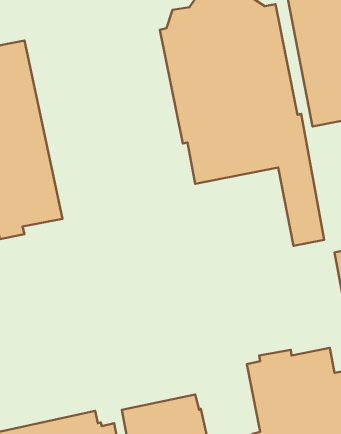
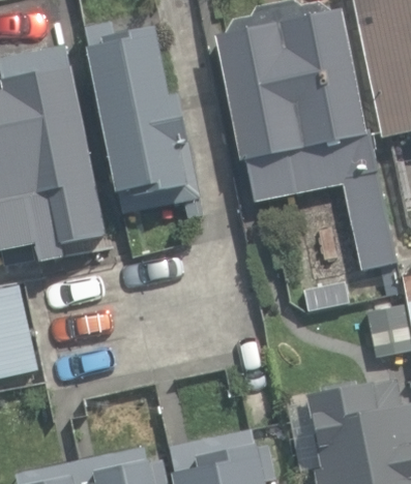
building: none -> [87,23,203,218]

